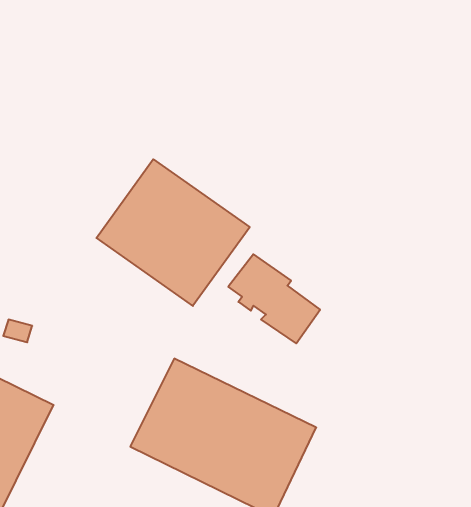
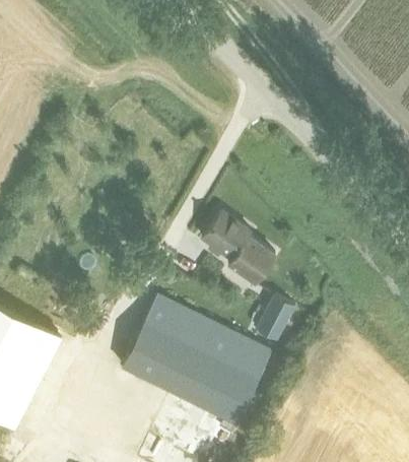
building: [96,159,250,306] -> none
building: none -> [256,296,293,342]

